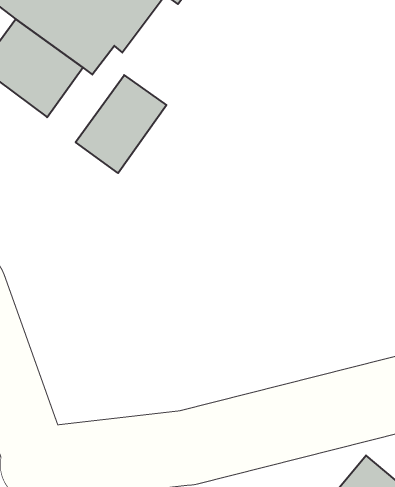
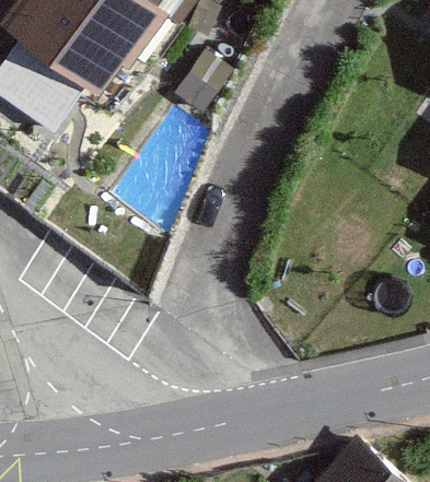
building: [76,75,166,173] -> none

